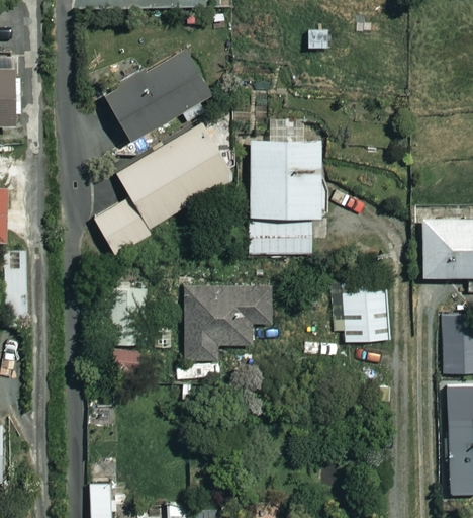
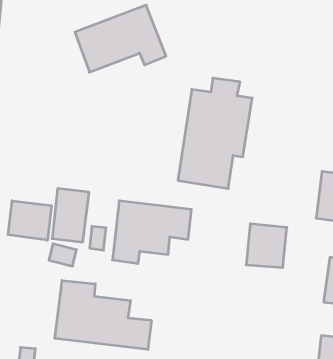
building: [93,125,232,254] -> none
building: none -> [8,201,51,240]
building: none -> [55,280,151,350]

